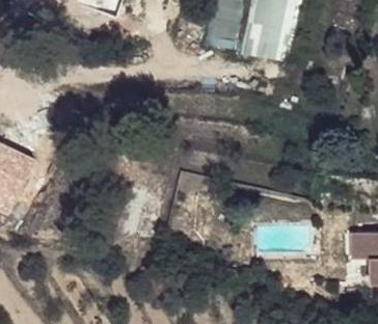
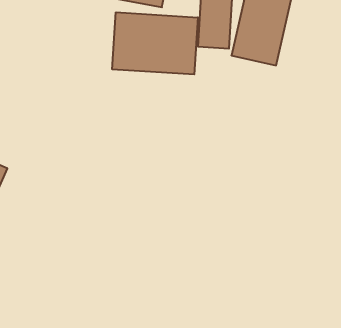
building: none -> [112,12,198,74]

